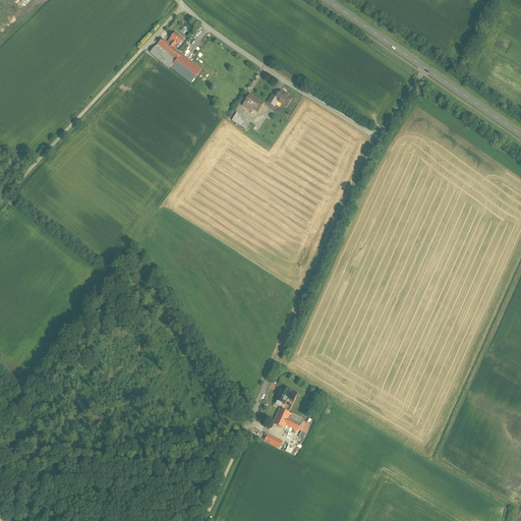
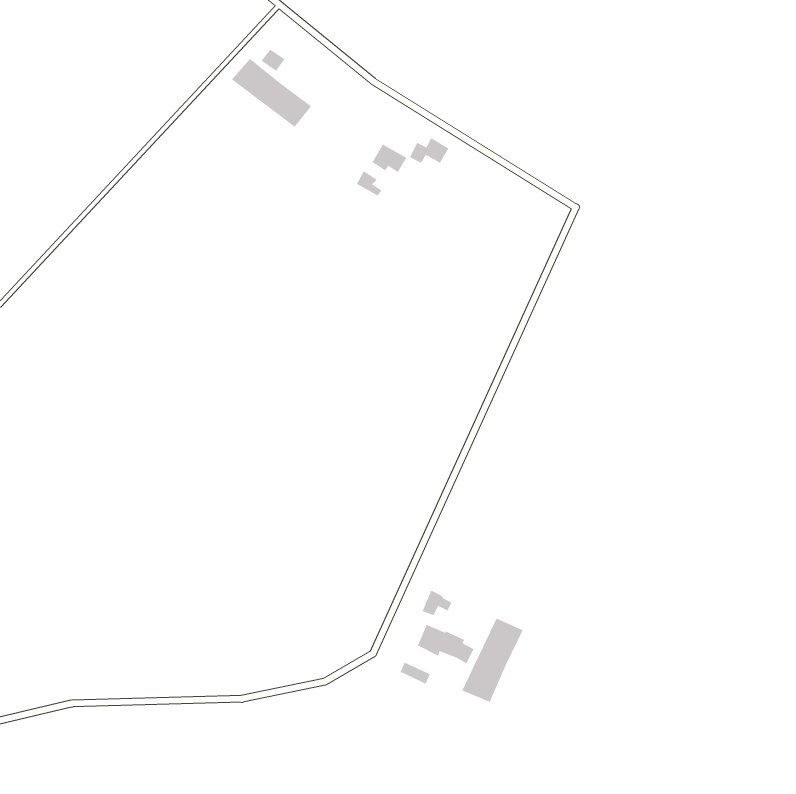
building: none -> [461,617,524,703]

